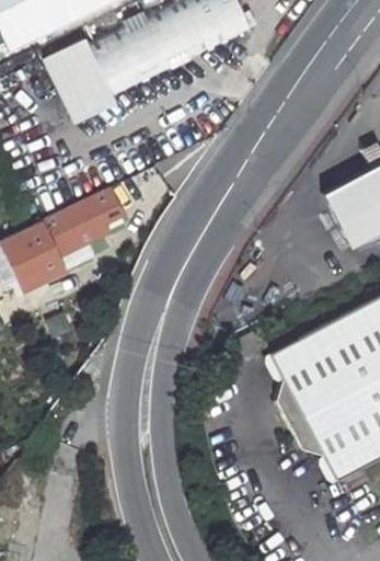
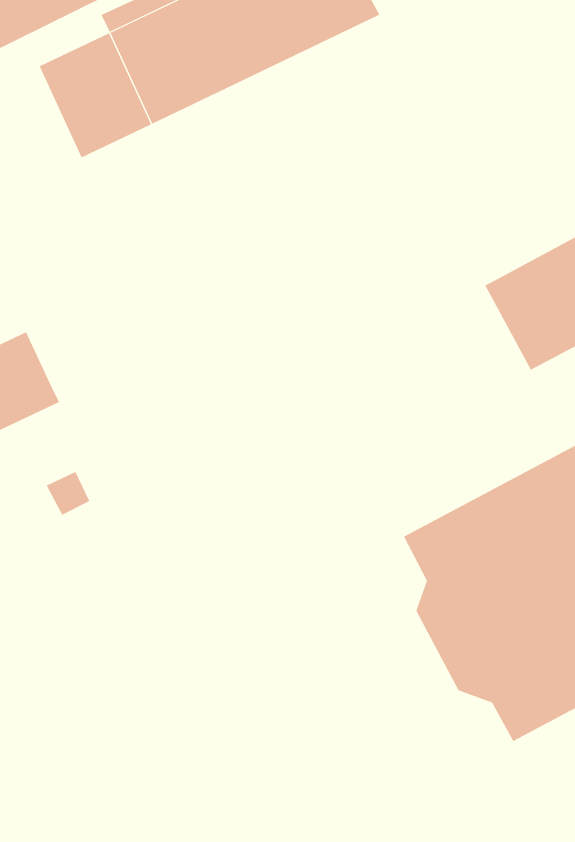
building: [34,194,114,261] -> none

